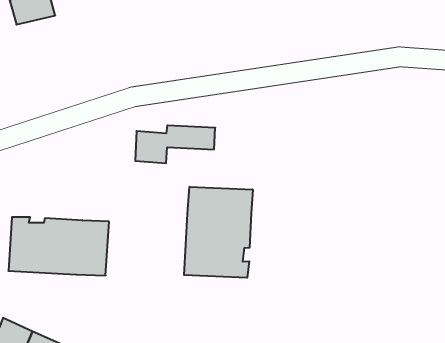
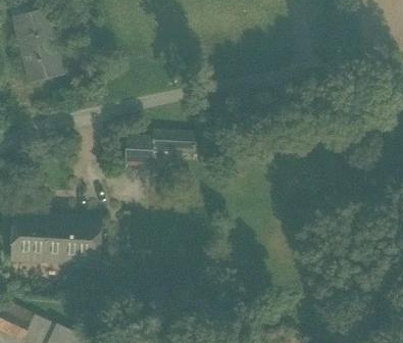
building: none -> [18,33,63,84]
building: [184,187,253,278] -> none

